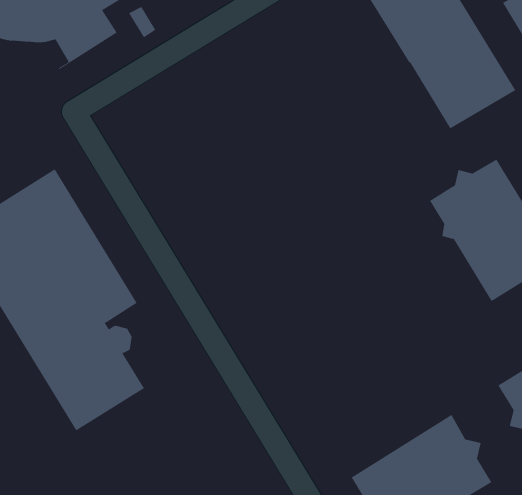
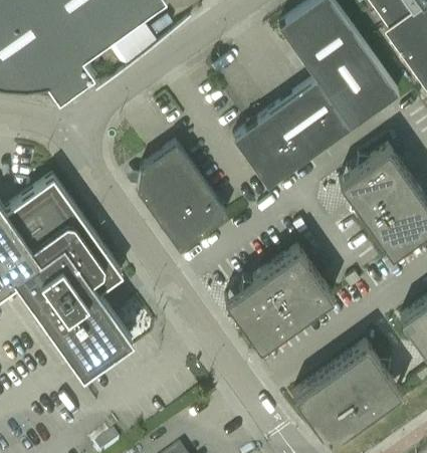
building: none -> [233,80,351,189]
building: none -> [137,146,227,251]
building: none -> [224,249,333,351]

